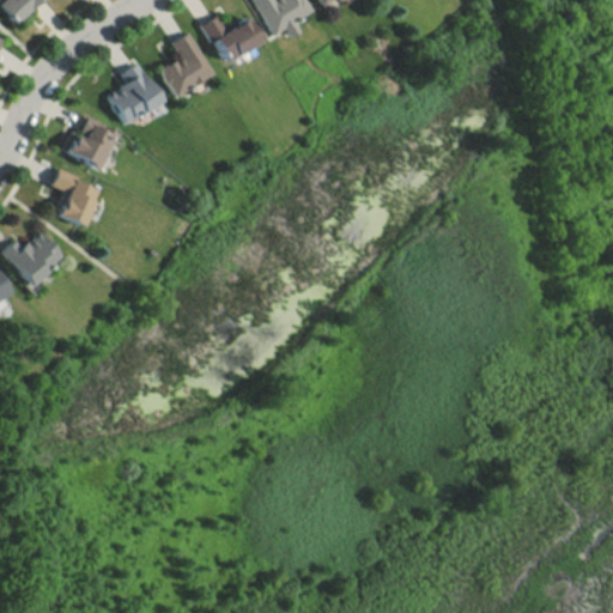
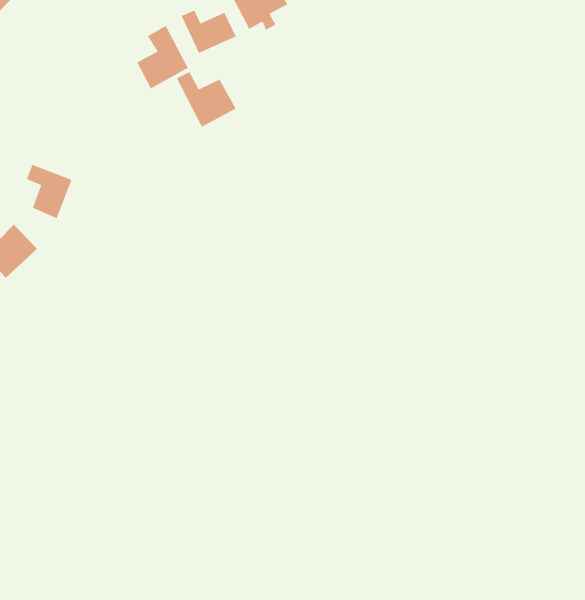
building: [109,63,163,125] -> none
building: none -> [176,71,237,128]
building: [66,117,119,169] -> none

